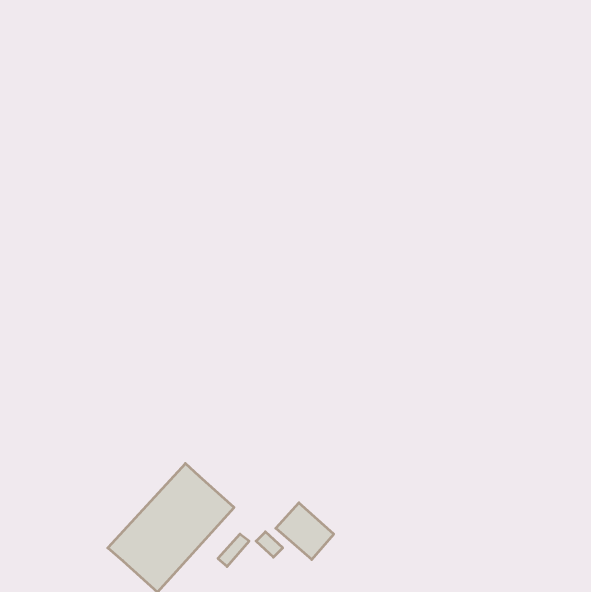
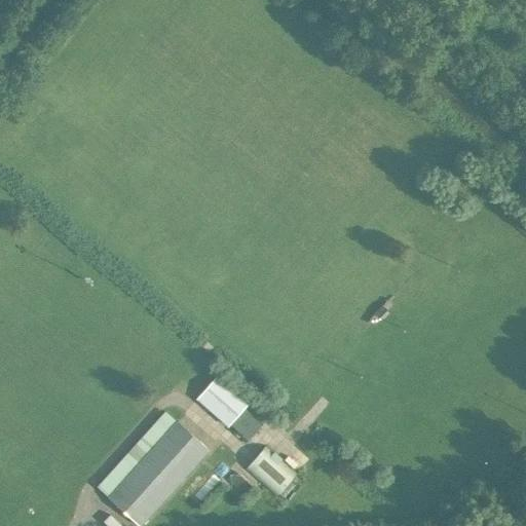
building: none -> [196,376,263,441]

